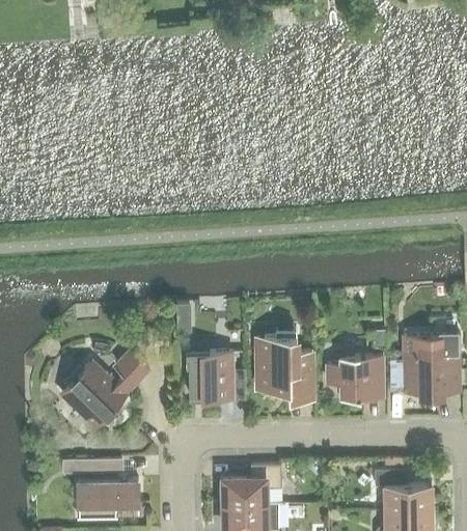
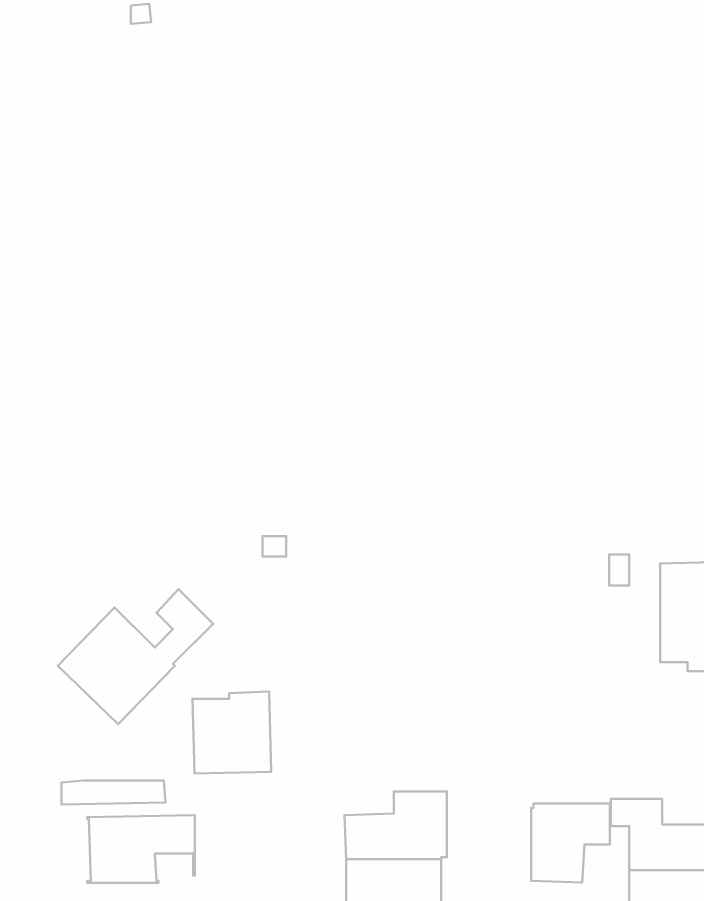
building: [256,338,312,400] -> none
building: [189,353,234,399] -> [193,691,271,774]
building: [327,356,383,398] -> none
building: none -> [531,804,610,882]

